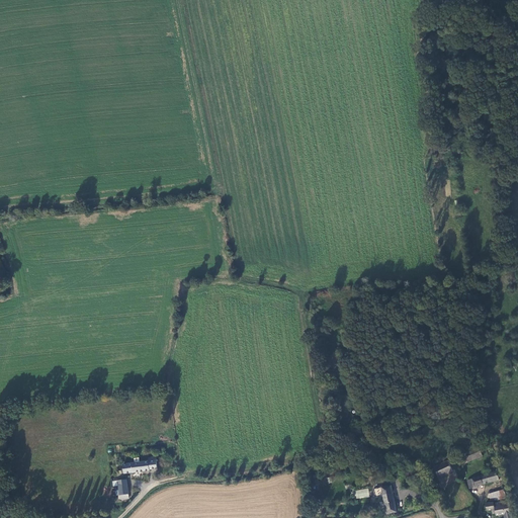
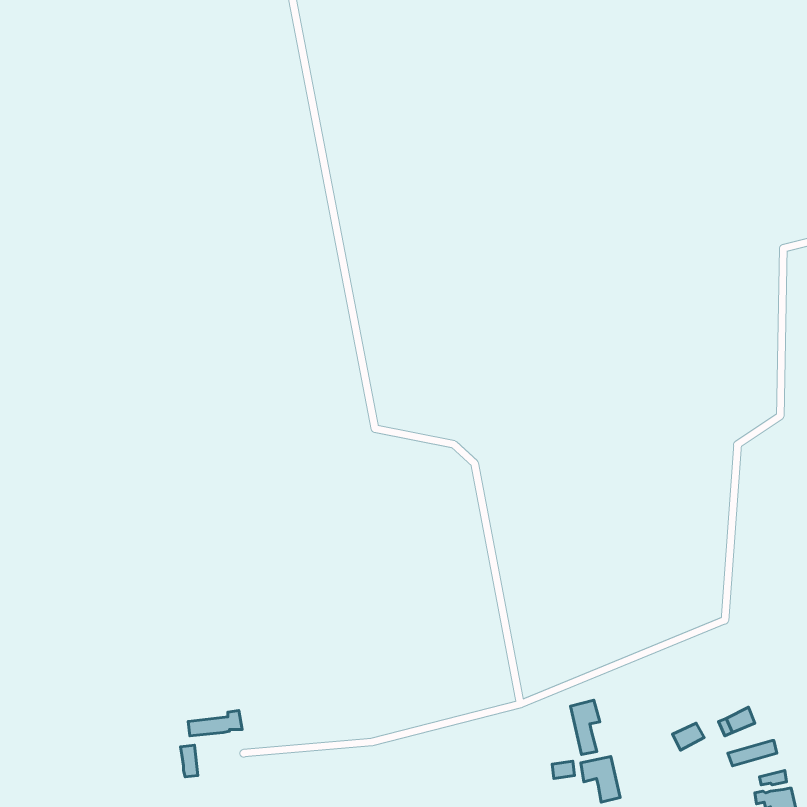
building: none -> [570,700,600,755]

